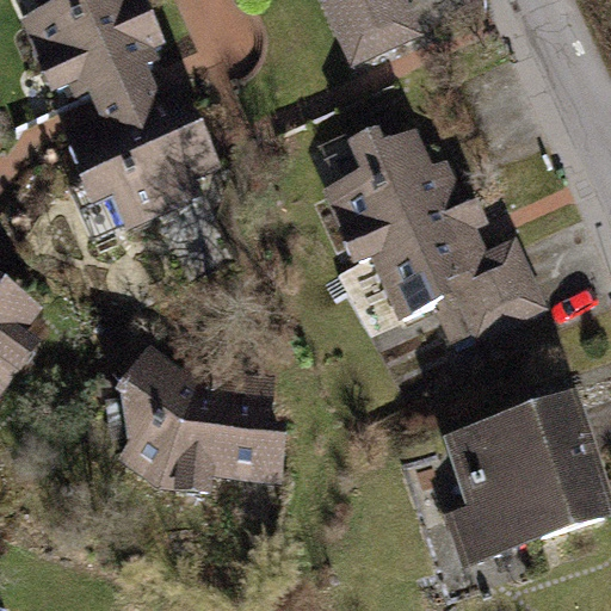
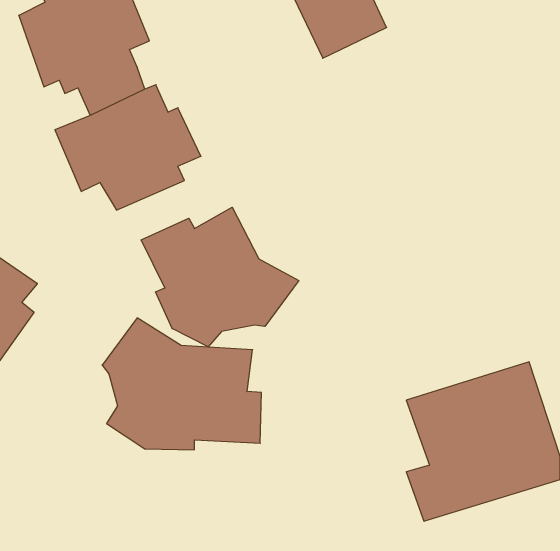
building: [320,126,549,340] -> none
building: none -> [141,207,299,347]

